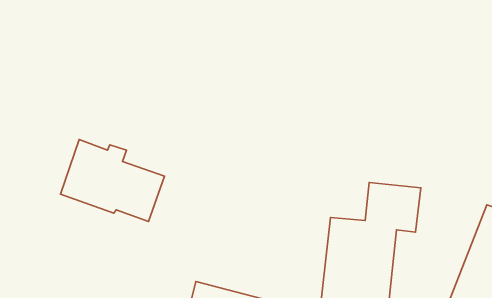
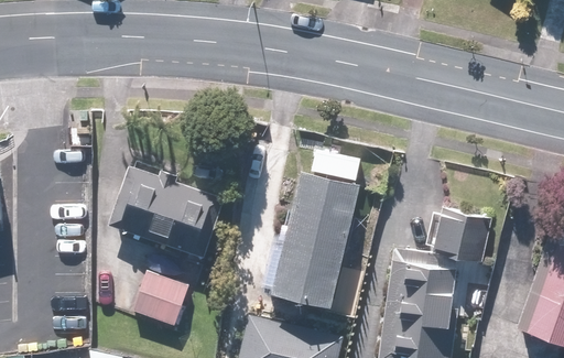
building: none -> [267,170,359,308]
building: none -> [135,271,193,326]

